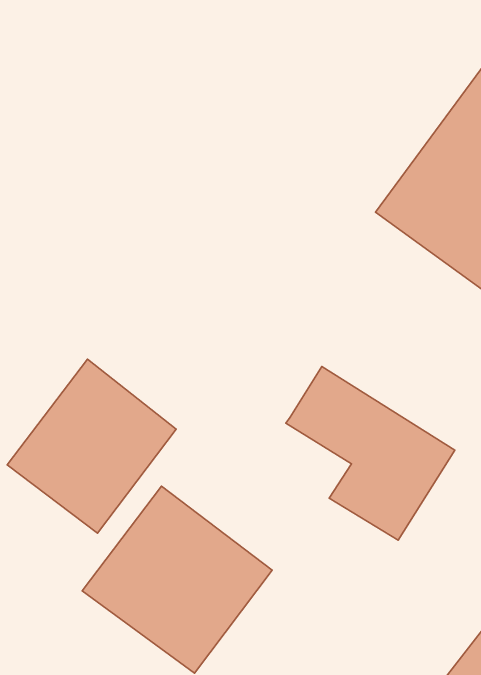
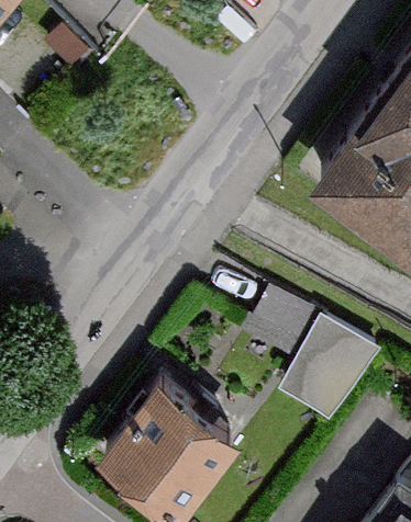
building: [7,359,176,533] -> none

